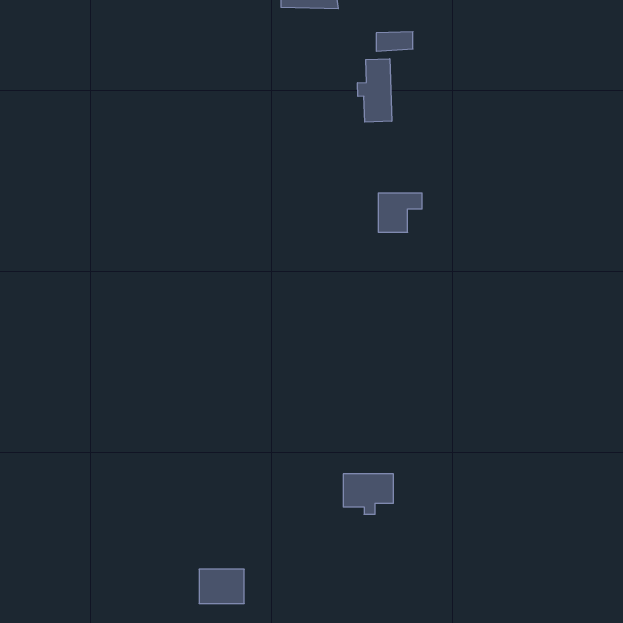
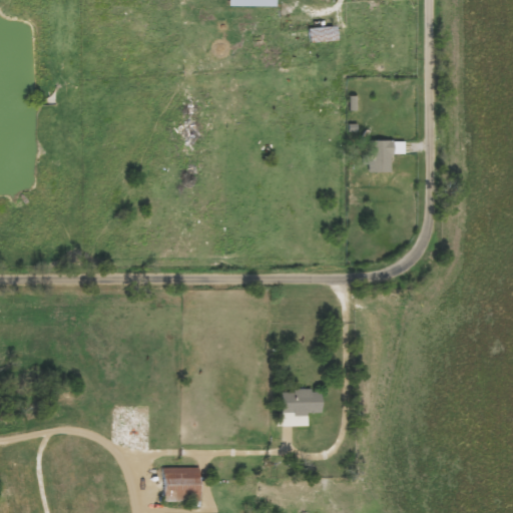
building: [358,59,392,122] -> none
building: [378,193,422,232] -> [369,139,405,171]

